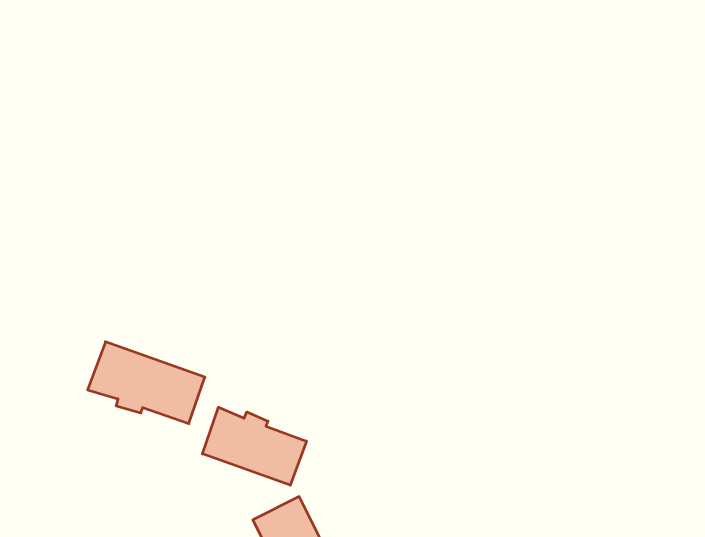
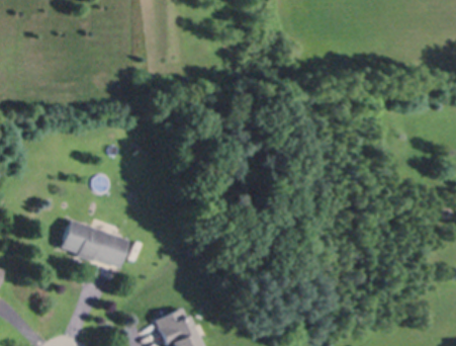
building: [202,407,306,485] -> none

